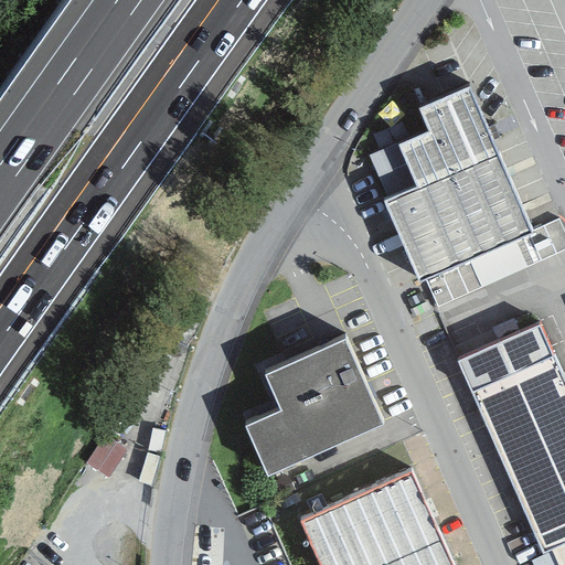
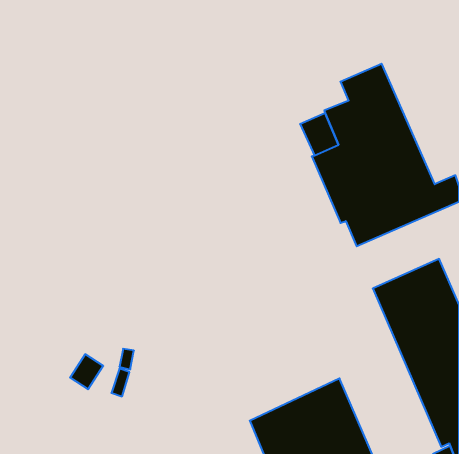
building: [245,338,382,473] -> none

